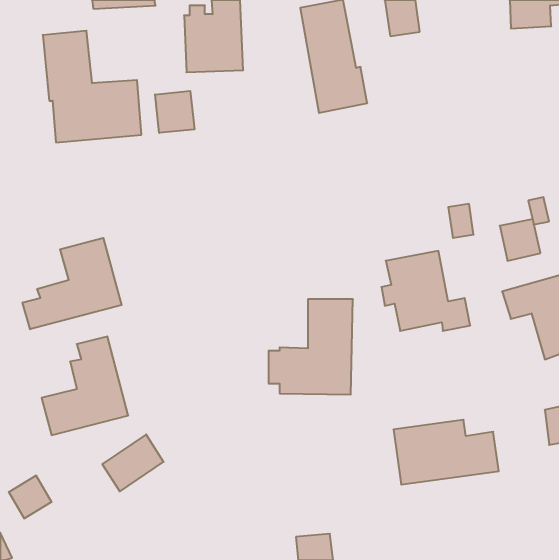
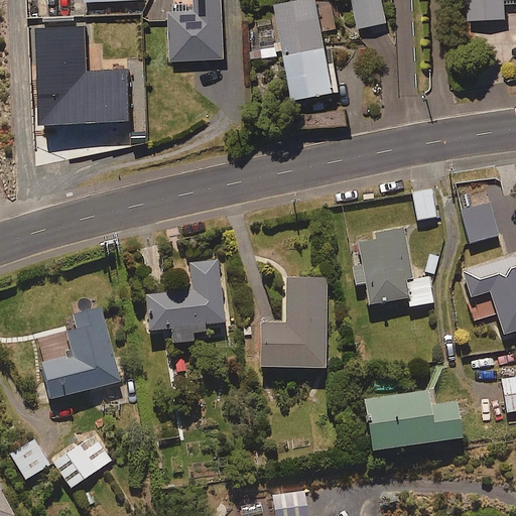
building: [155,91,194,133] -> none
building: [23,238,122,329] -> none
building: none -> [144,257,224,341]
building: [102,434,164,491] -> [53,437,110,490]

